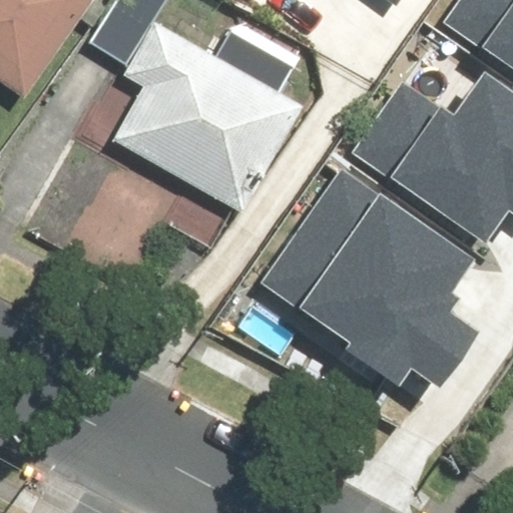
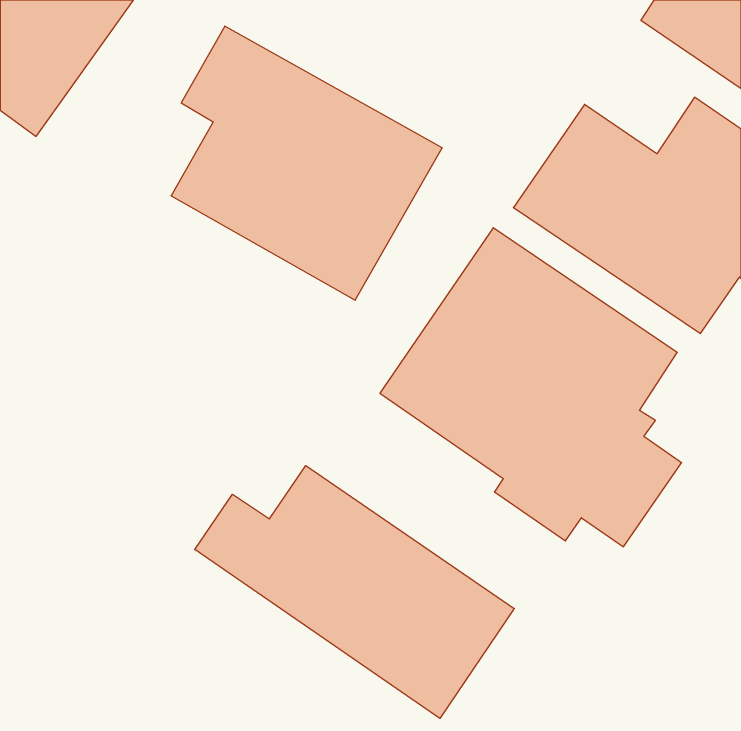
building: none -> [195,466,514,718]

